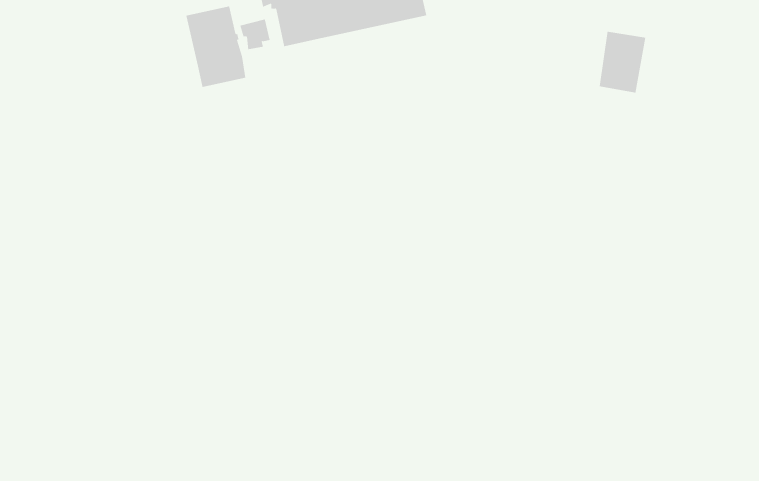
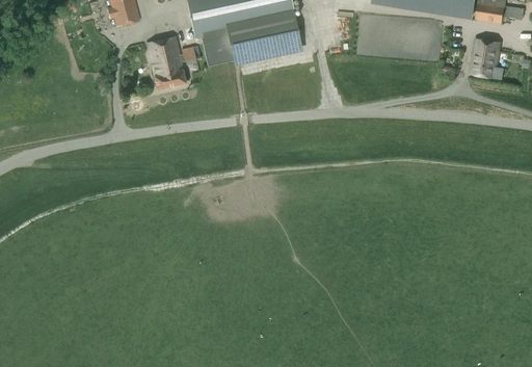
building: [599,31,646,93] -> [471,37,501,77]

